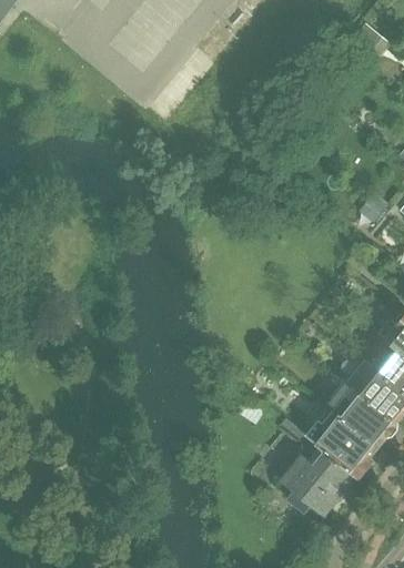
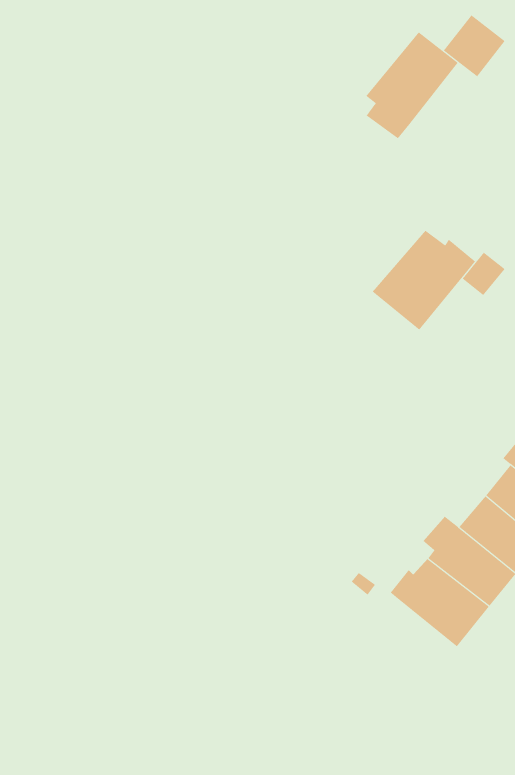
building: none -> [366,32,458,139]
building: none -> [372,230,476,331]
building: [276,437,353,509] -> none

